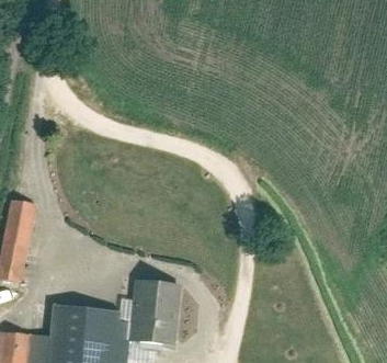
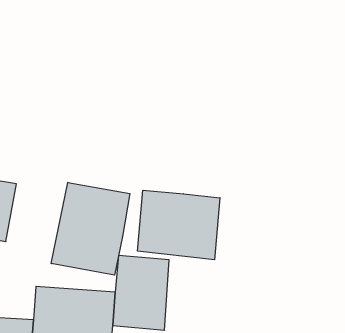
building: none -> [51,182,130,275]
building: none -> [138,190,220,260]

